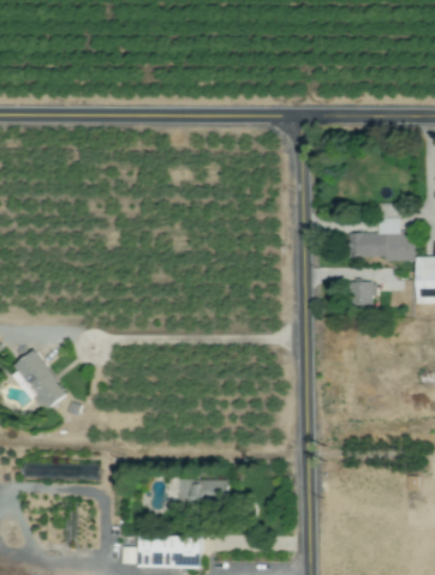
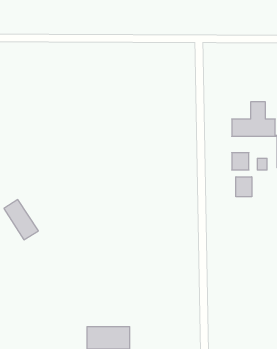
building: none -> [236,177,252,197]
building: [175,479,227,509] -> none

